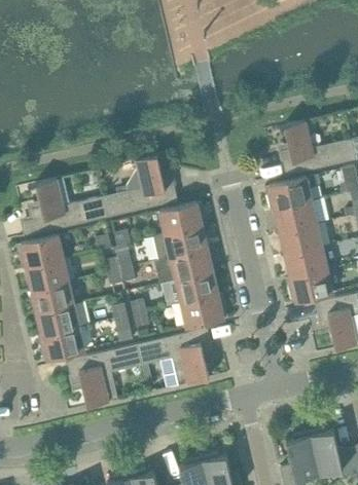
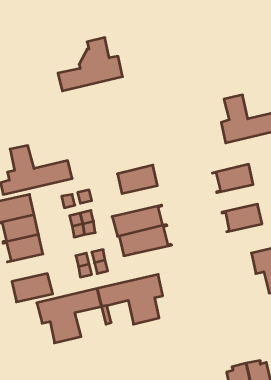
building: [102,155,177,217] -> [58,38,123,91]
building: [264,175,319,211] -> none
building: [275,224,322,256] -> none
building: [152,225,211,260] -> none
building: [286,269,332,302] -> none
building: [180,294,227,327] -> none
building: [32,304,78,336] -> none

